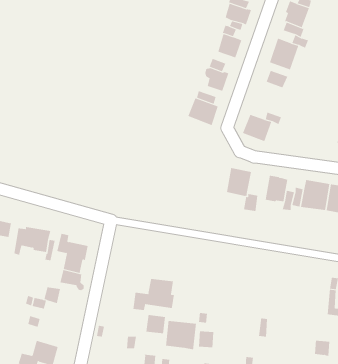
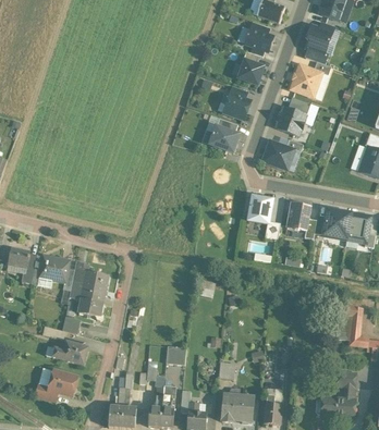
building: none -> [277,108,305,135]
building: [133,278,175,311] -> none
building: none -> [62,339,88,366]
building: [166,320,197,350] -> none

